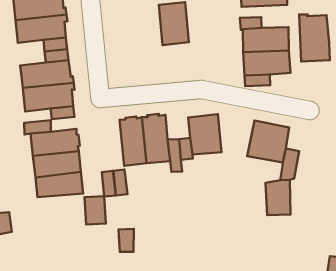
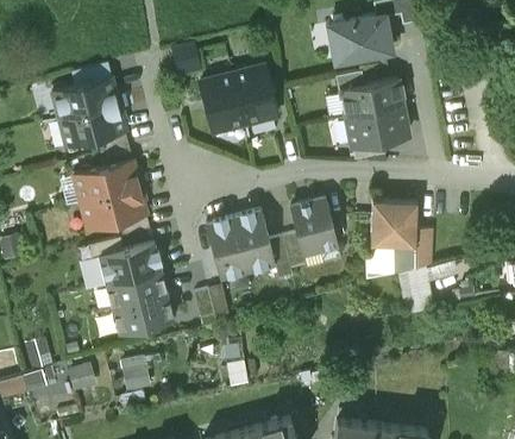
building: none -> [200,75,245,132]
building: [299,14,330,62] -> none
building: [85,196,106,224] -> [119,351,150,389]

